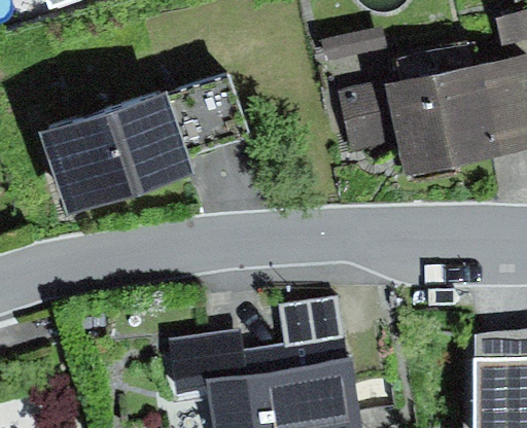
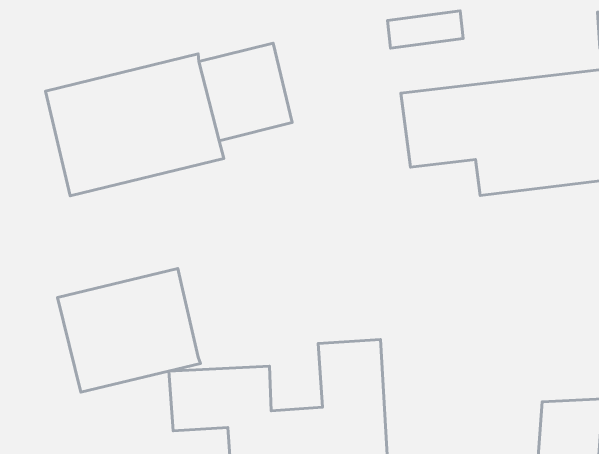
building: none -> [57,268,201,392]

